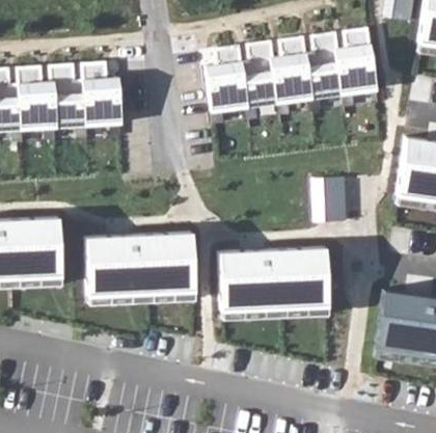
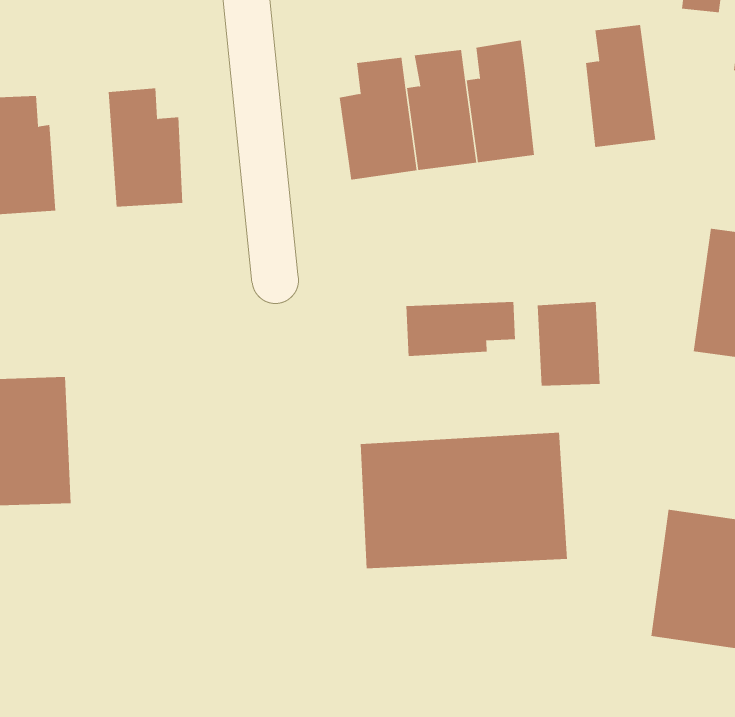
building: [307,31,345,98] -> none
building: [50,63,86,128] -> none
building: none -> [406,301,515,357]
building: [85,232,195,303] -> none

